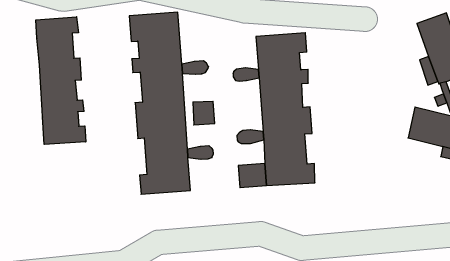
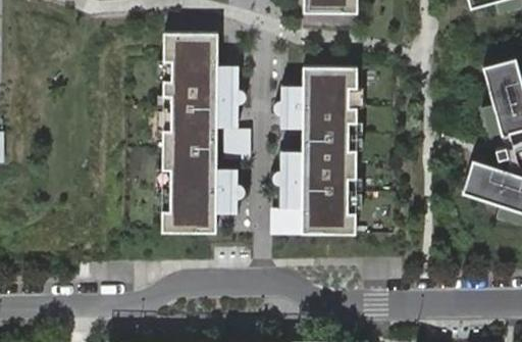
building: [36,17,86,144] -> none

